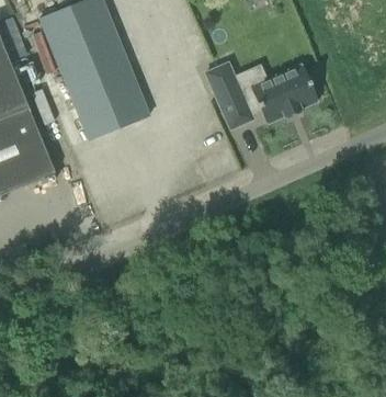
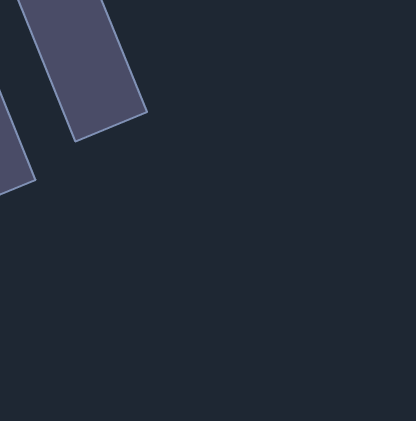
building: [206,63,319,129] -> none

